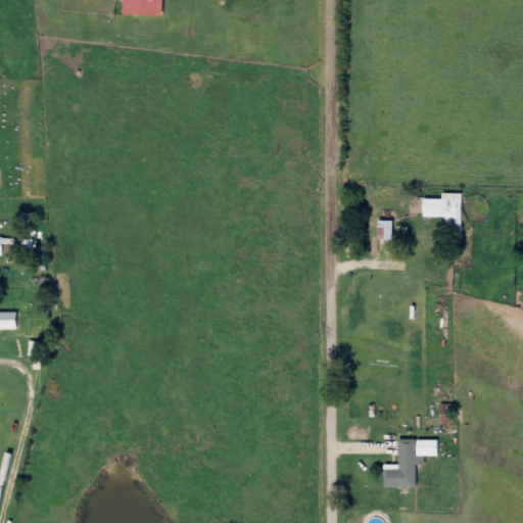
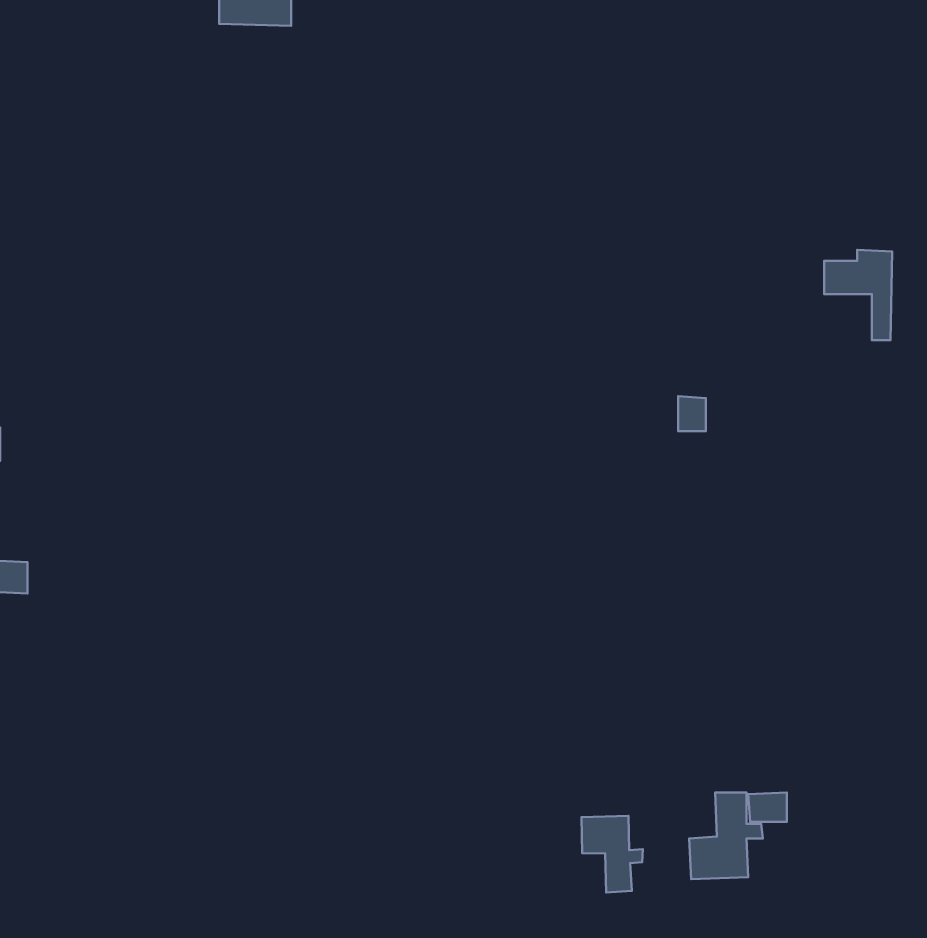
building: [422,192,460,242] -> [824,250,892,340]
building: none -> [582,816,643,893]

